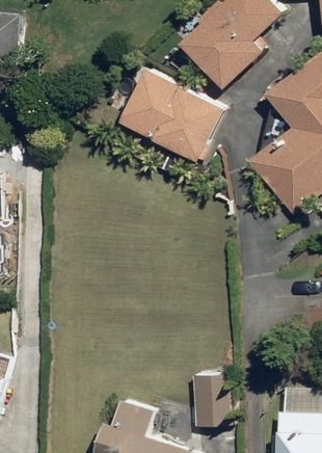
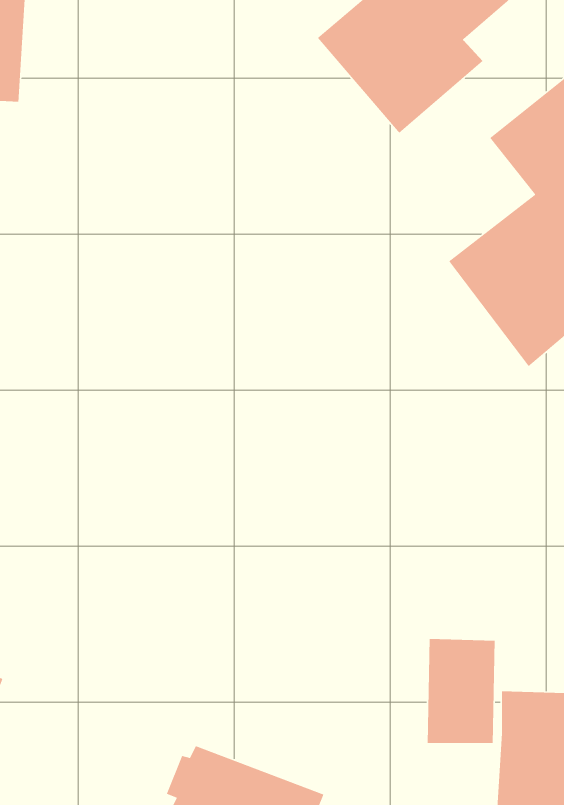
building: [116,65,227,163] -> none
building: [190,373,226,429] -> [427,638,495,744]

